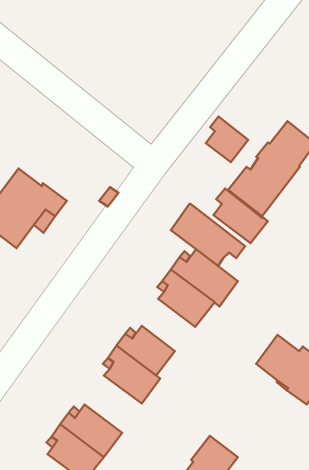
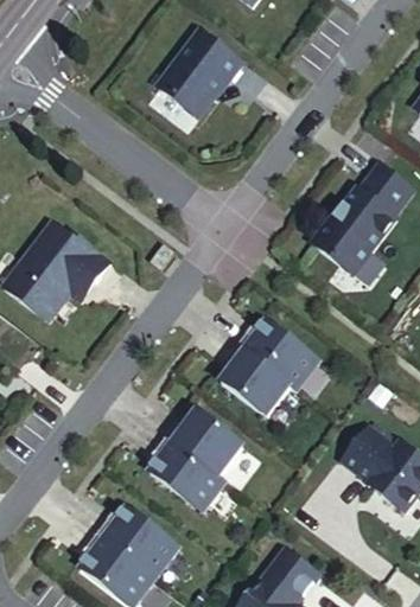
building: none -> [170,36,253,121]
building: [206,117,248,162] -> none
building: [213,189,268,243] -> none
building: [171,204,245,266] -> none

